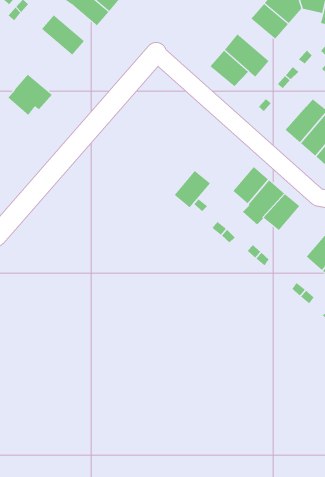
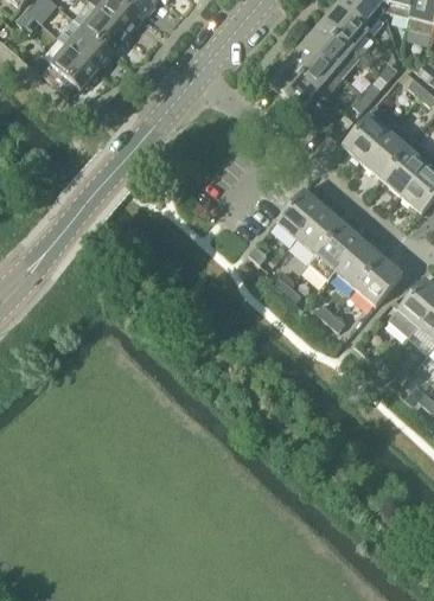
building: none -> [83,7,129,52]
building: none -> [304,24,360,77]
building: [8,74,52,116] -> [43,44,98,96]
building: none -> [343,106,397,162]
building: [174,170,211,208] -> [277,191,324,238]
building: none -> [356,257,402,306]

